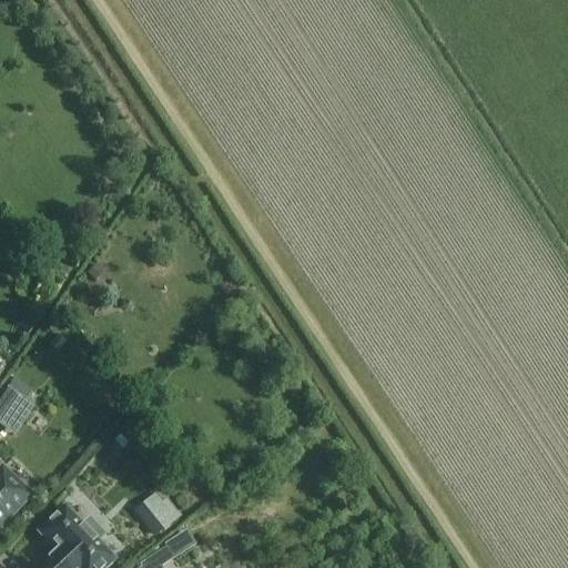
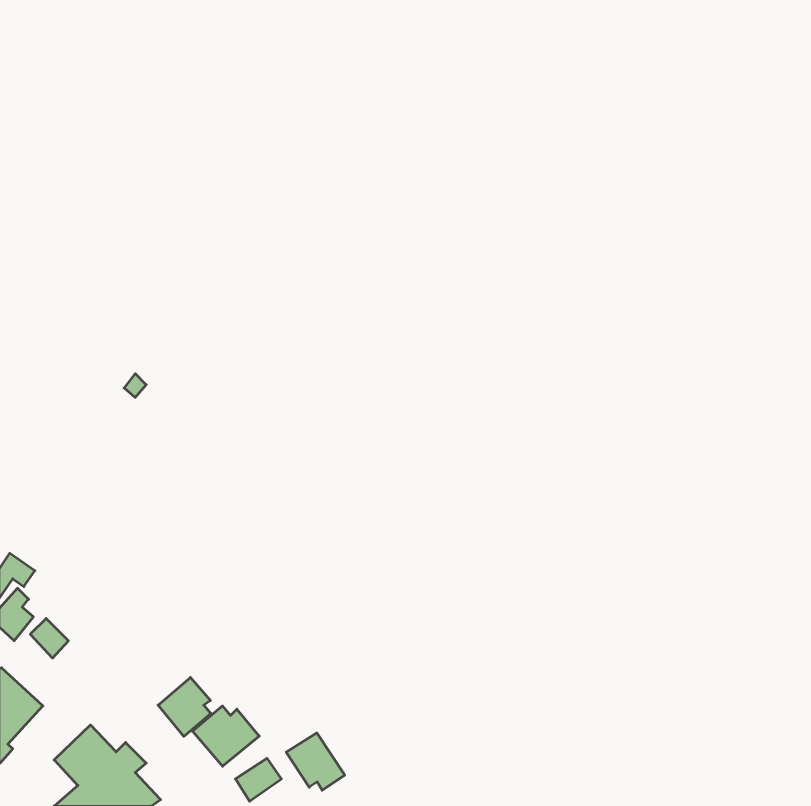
building: none -> [158,677,211,736]
building: none -> [286,733,345,790]

